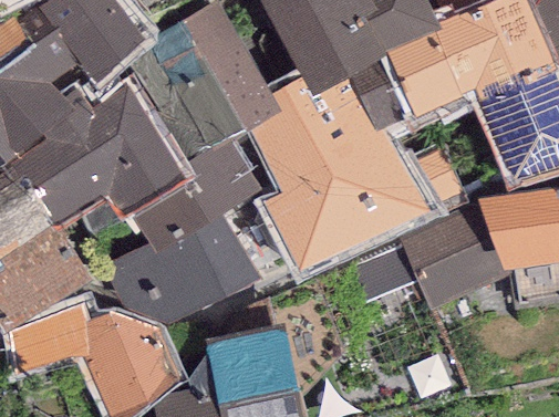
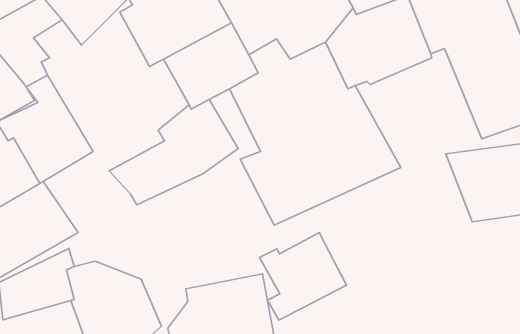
building: [55,85,184,219] -> none
building: [398,198,505,307] -> none
building: [101,219,261,324] -> none
building: none -> [260,233,347,320]

